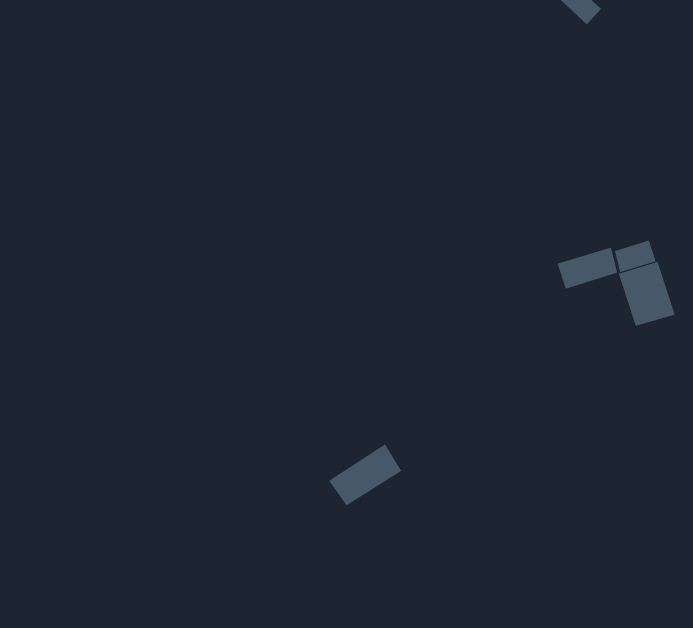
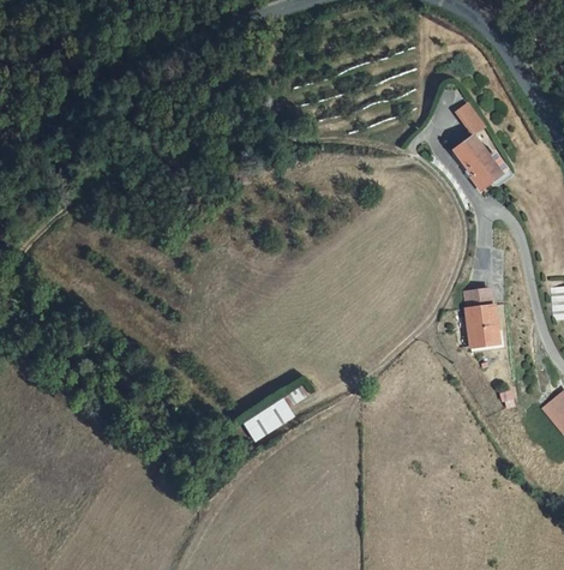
building: none -> [456,139,505,191]
building: [557,247,618,290] -> none

